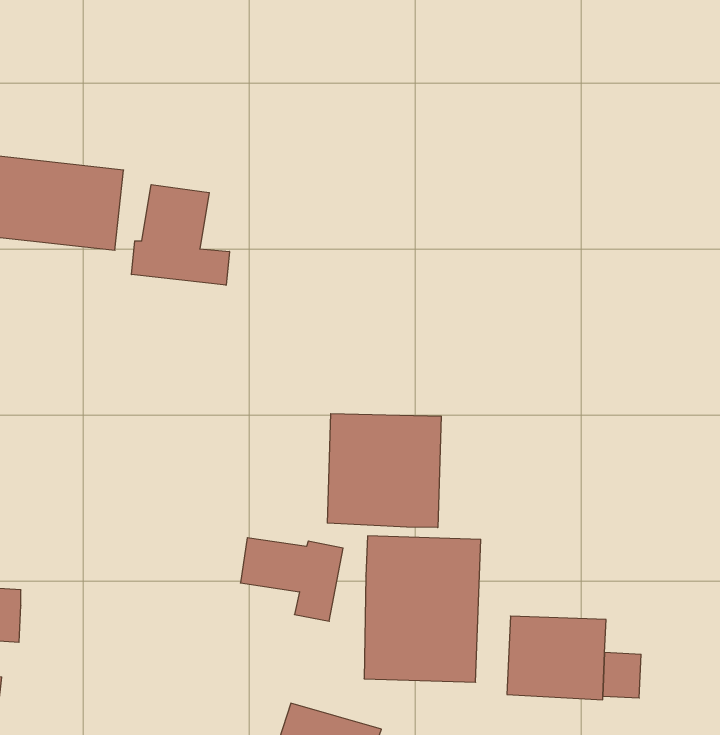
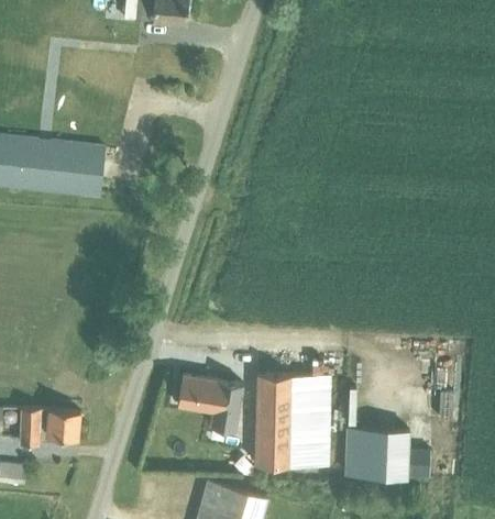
building: [131,185,229,285] -> none
building: [327,414,441,528] -> none
building: none -> [38,410,80,437]

